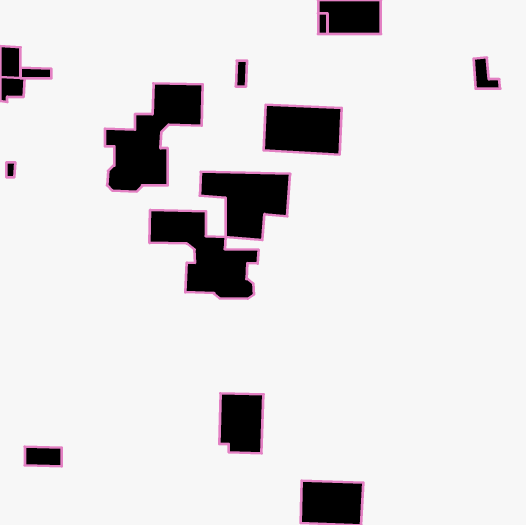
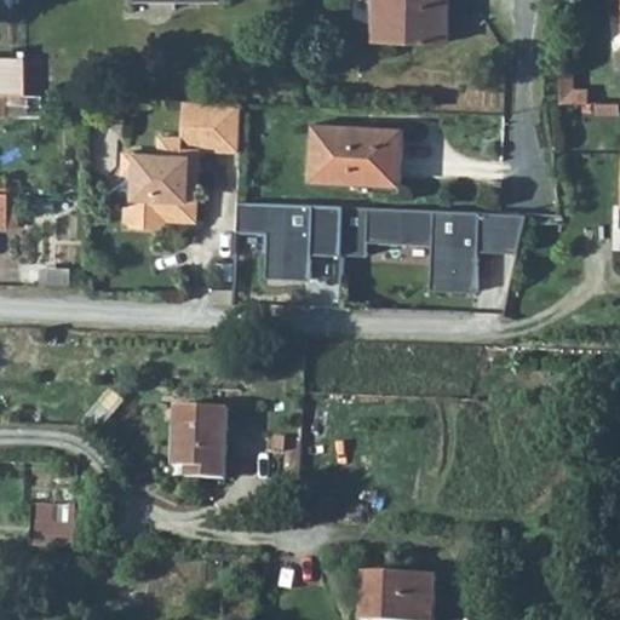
building: none -> [338,206,523,292]
building: [150,210,258,299] -> none
building: [219,393,264,453] -> [171,404,223,475]

